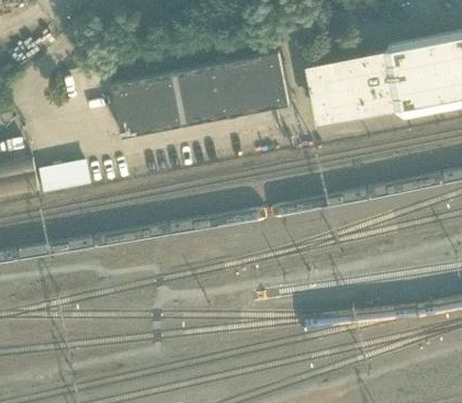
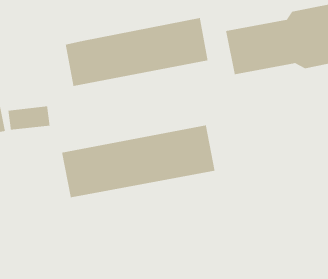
building: none -> [61,125,216,198]

